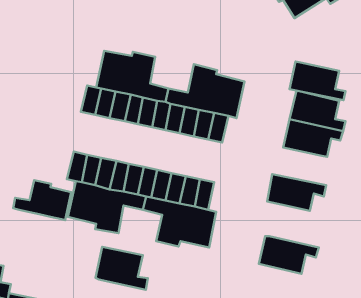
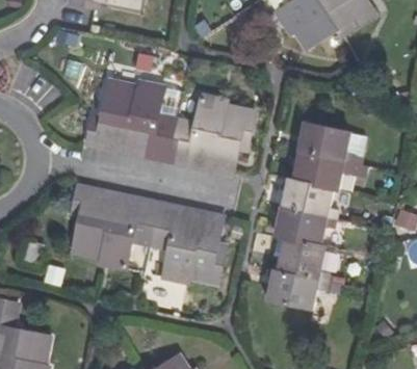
building: [289,62,345,100] -> [282,179,339,218]
building: [13,180,71,220] -> none
building: none -> [279,238,332,282]
building: [95,247,148,290] -> none

